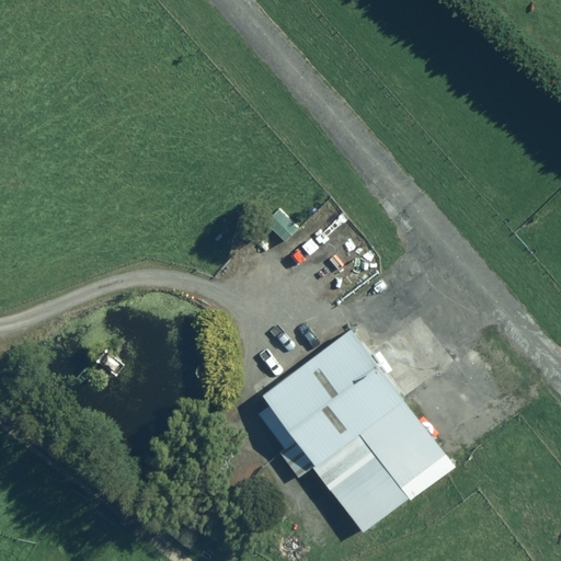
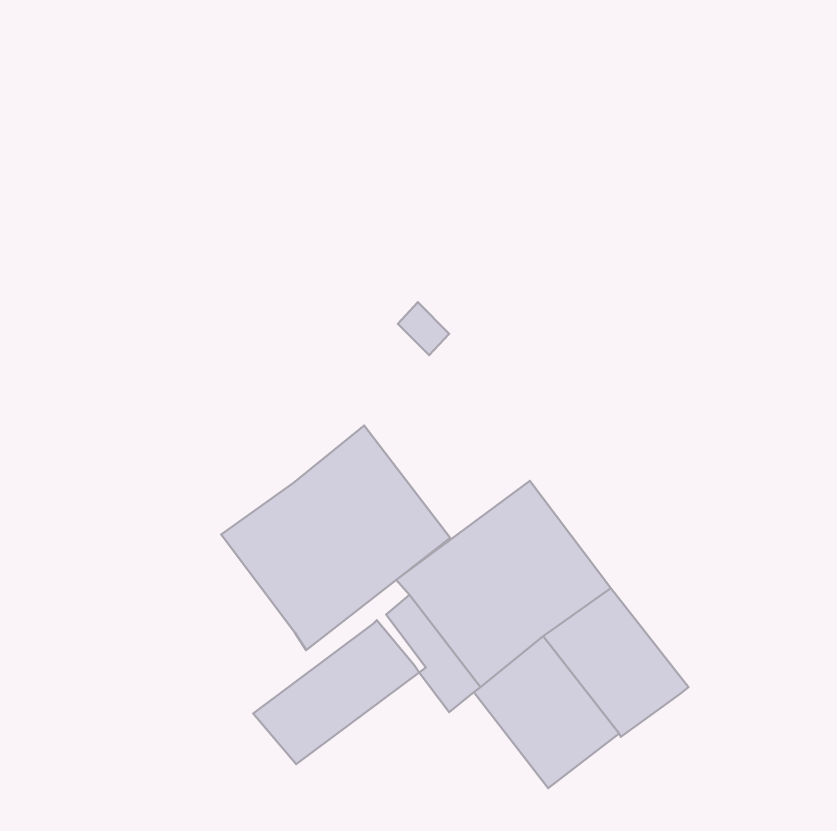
building: none -> [221,425,450,650]
building: none -> [253,620,419,764]

